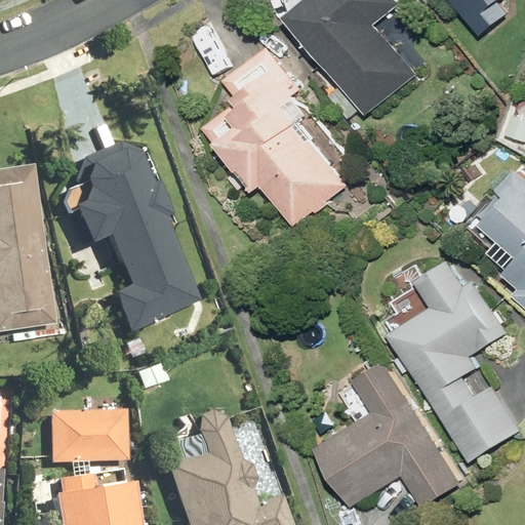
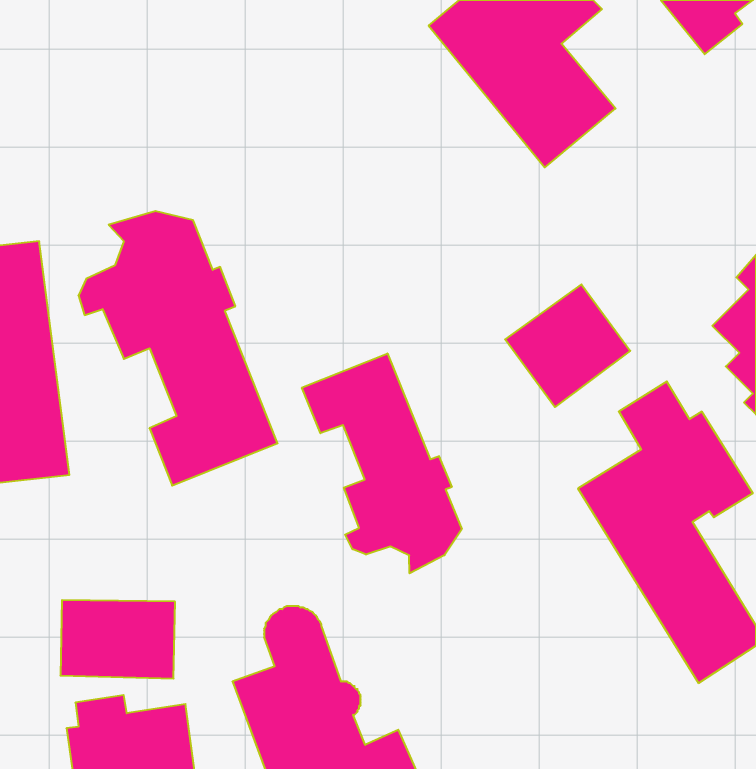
building: [205,47,350,227] -> none
building: none -> [505,284,630,407]
building: none -> [302,353,462,573]
building: [319,355,460,508] -> none

